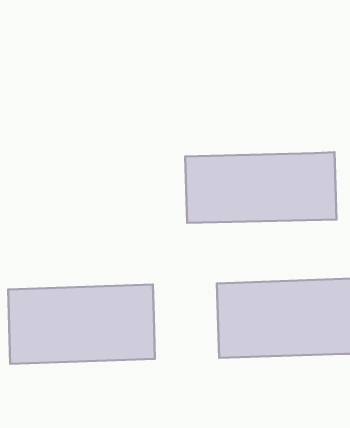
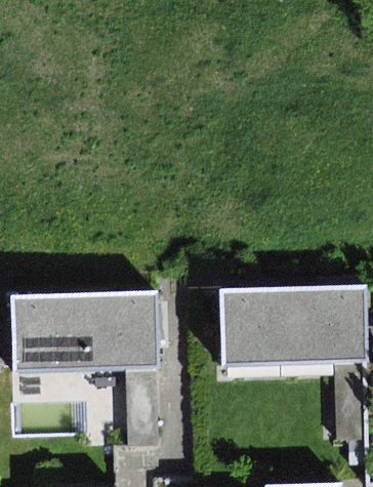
building: [185,152,337,223] -> none

